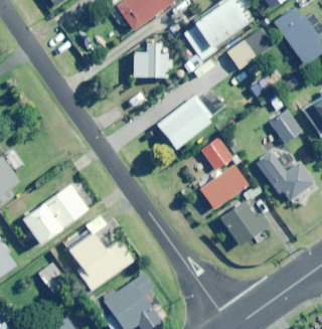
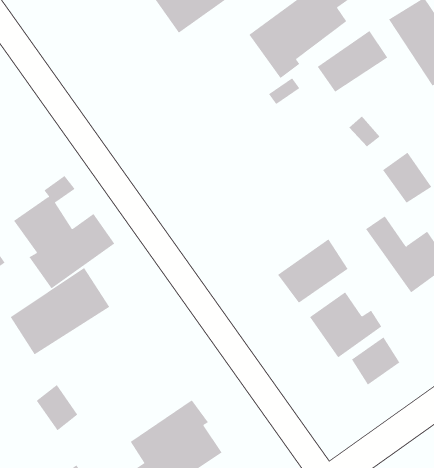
building: [133,43,171,77] -> none
building: [158,98,213,149] -> none
building: [202,139,232,169] -> none
building: [65,215,133,291] -> [13,175,115,289]
building: none -> [351,336,400,386]

